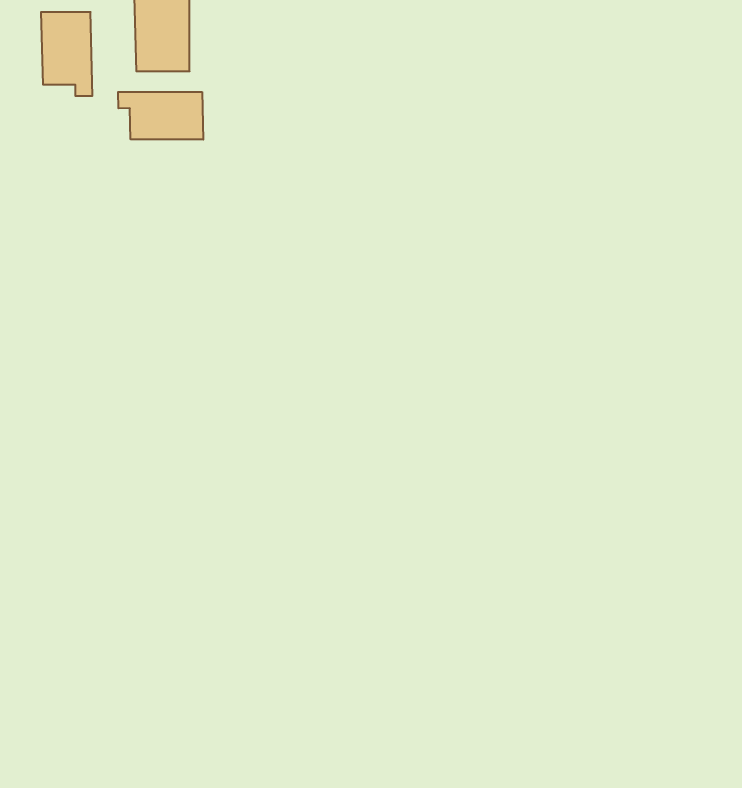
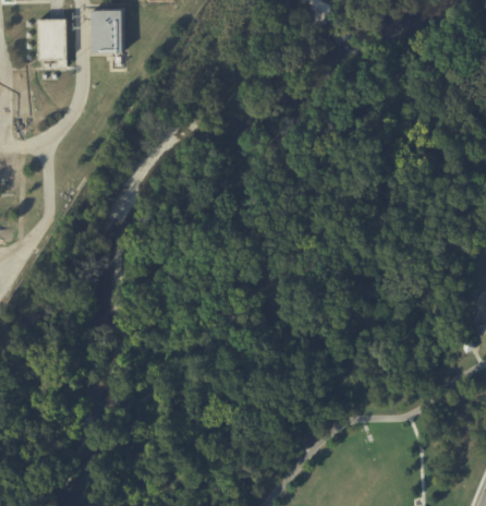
building: [118,92,203,140] -> none

